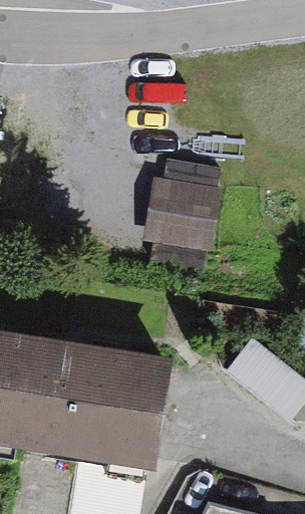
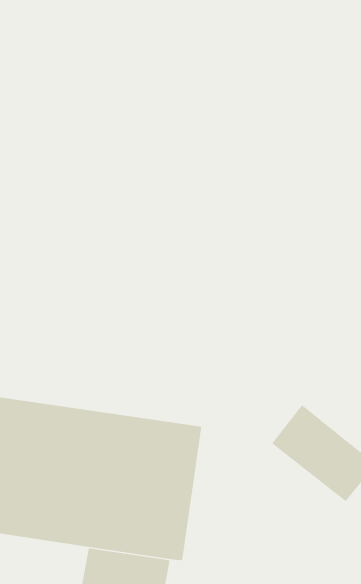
building: [141,161,220,253] -> none

